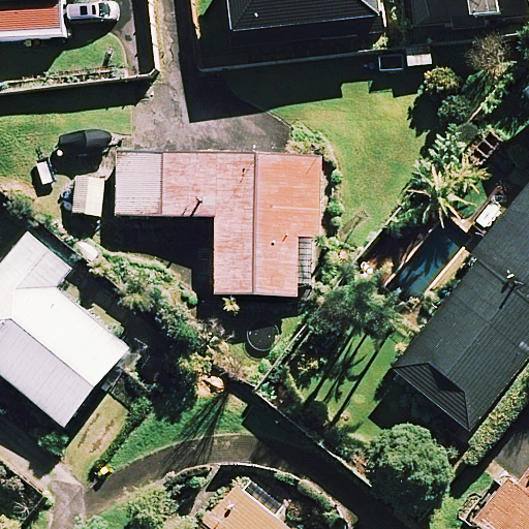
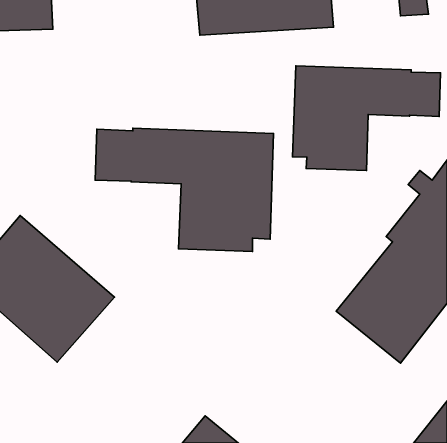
building: none -> [292,66,441,171]

